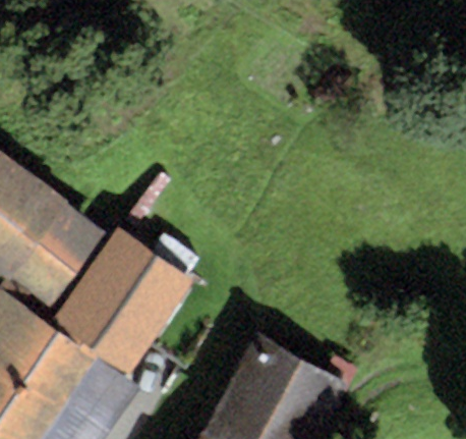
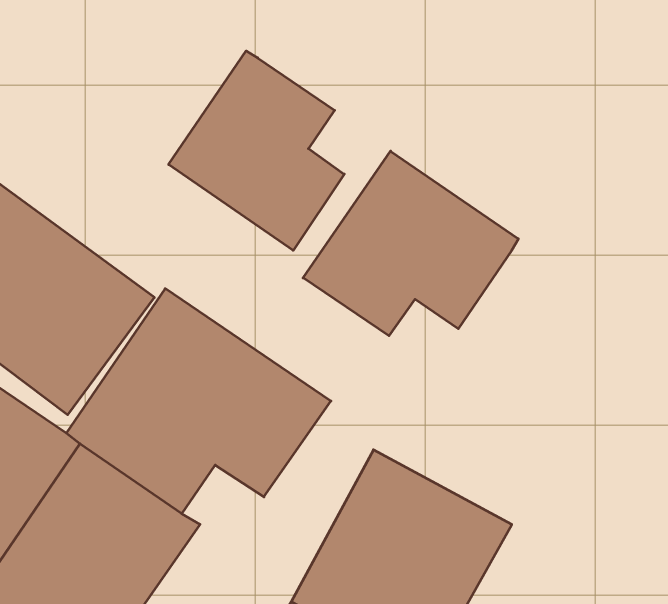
building: none -> [169,51,344,250]
building: none -> [303,151,518,336]

